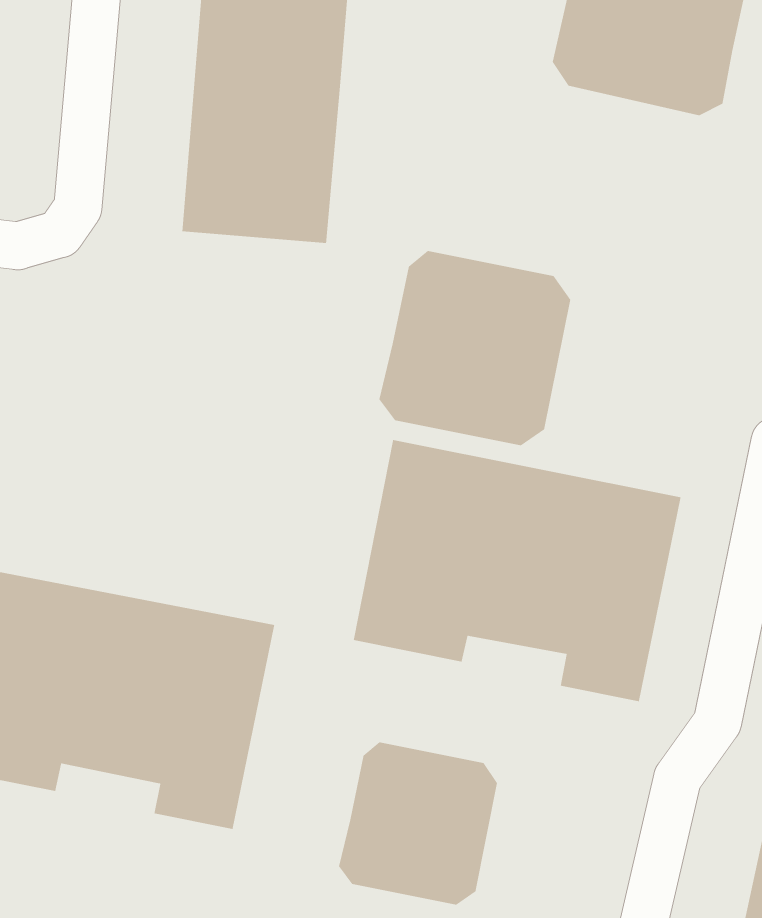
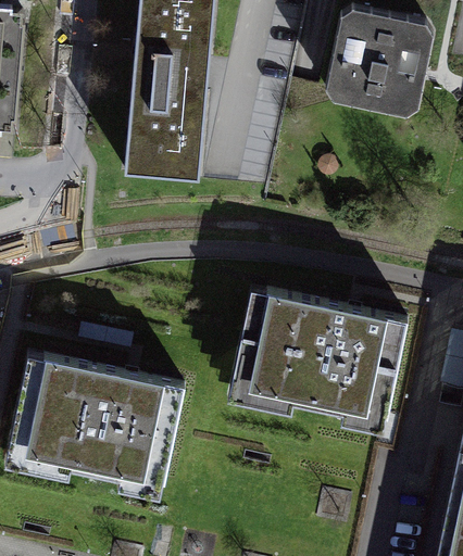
building: [379,250,571,446] -> none
building: [338,742,498,905] -> none

